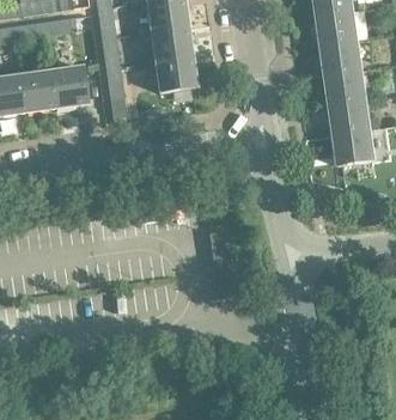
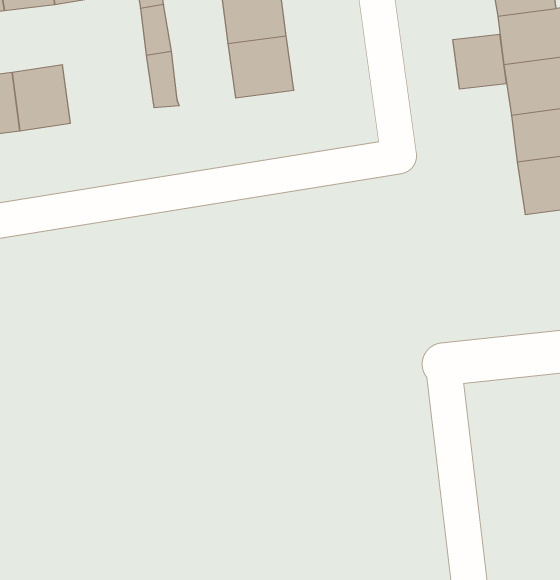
building: none -> [453,34,506,89]
building: [51,68,85,108] -> none

